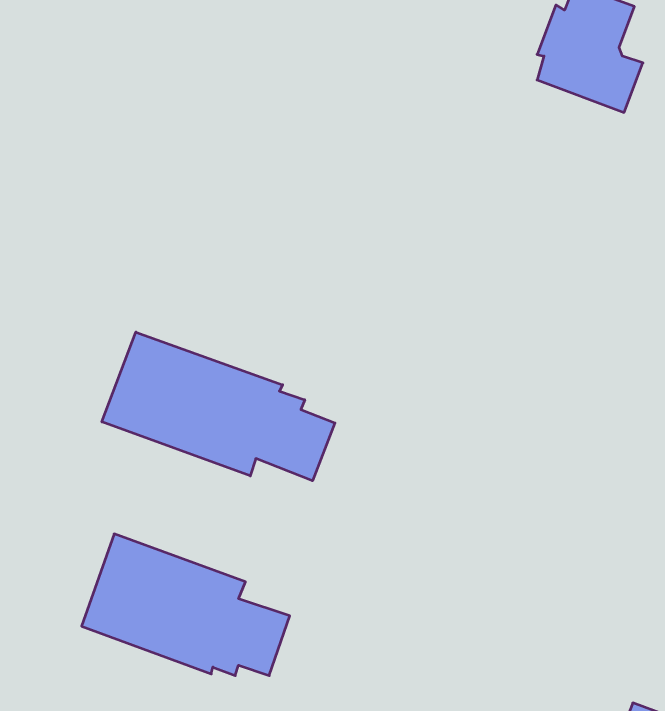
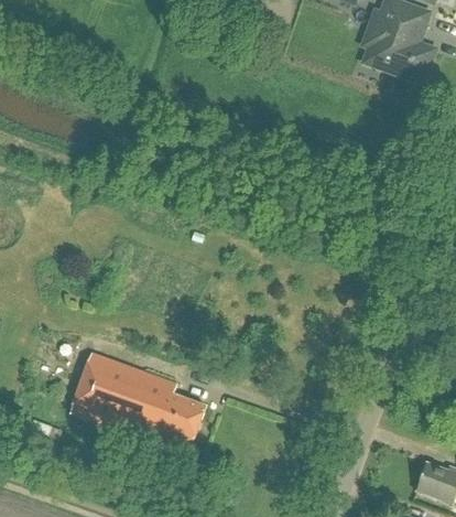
building: [102,332,335,481] -> none

